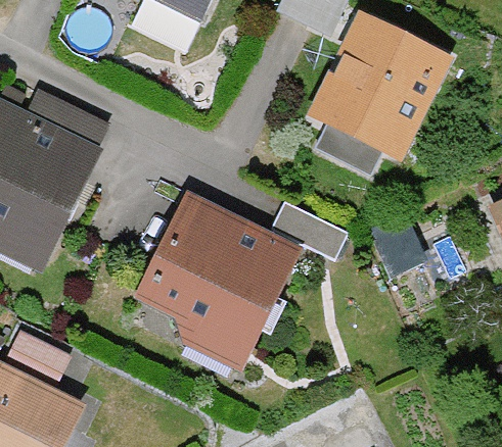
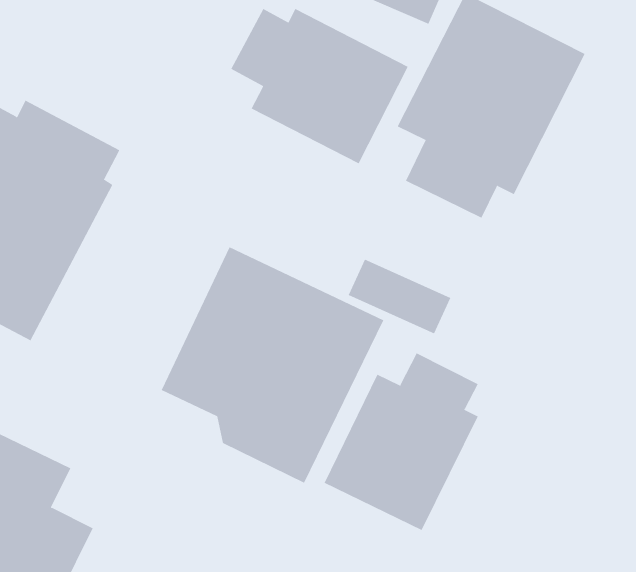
building: none -> [231,8,408,164]
building: none -> [324,353,479,531]

